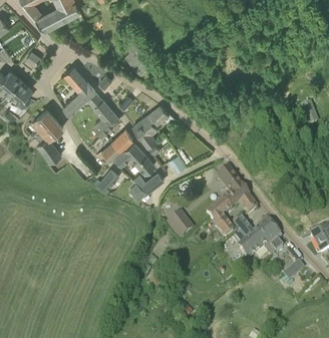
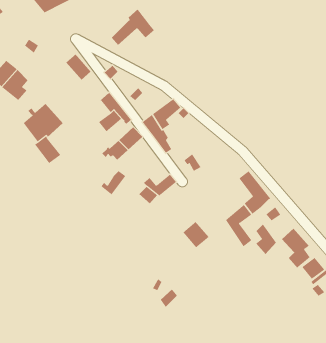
building: [63,81,102,114] -> [111,9,155,46]
building: [116,142,153,173] -> none
building: [239,231,268,260] -> none

